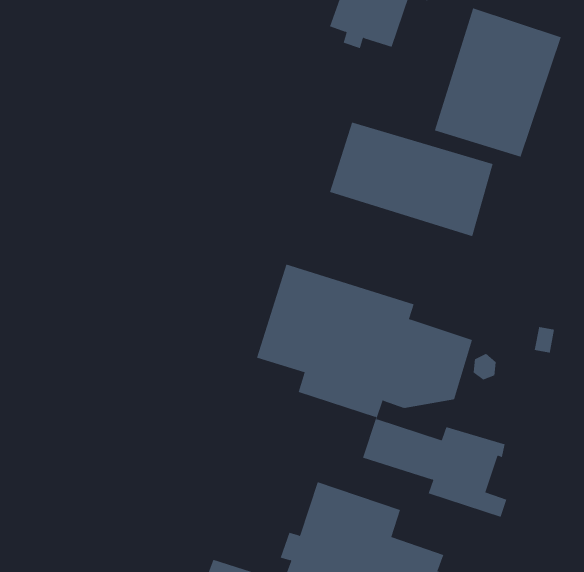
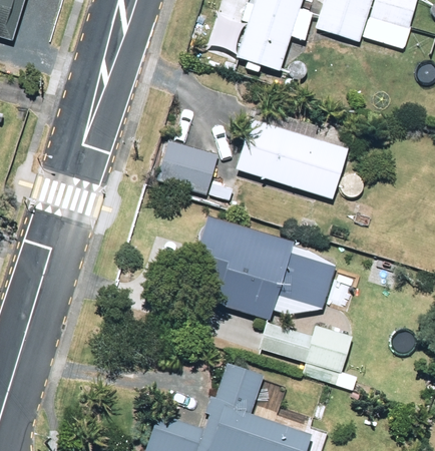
building: [434,8,562,158] -> none
building: none -> [157,140,218,192]

